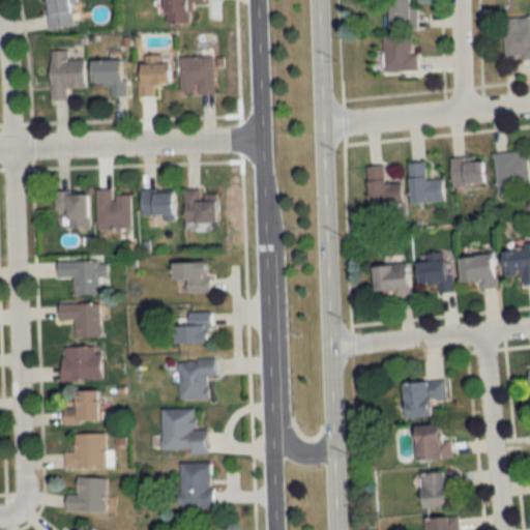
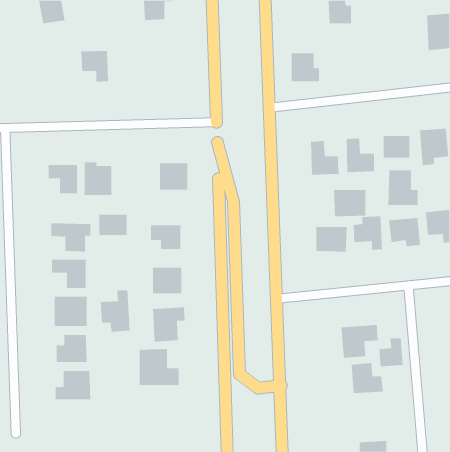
building: [380,35,414,69] -> [291,53,320,82]
building: [52,50,86,100] -> none
building: [139,55,174,96] -> none
building: [181,57,214,93] -> none
building: [142,190,176,215] -> [98,214,128,236]
building: none -> [388,170,418,206]
building: none -> [334,189,366,217]
building: none -> [100,289,130,332]
building: none -> [379,337,403,367]
building: [180,463,215,507] -> none
building: [416,471,450,508] -> none
building: [66,478,107,510] -> none

